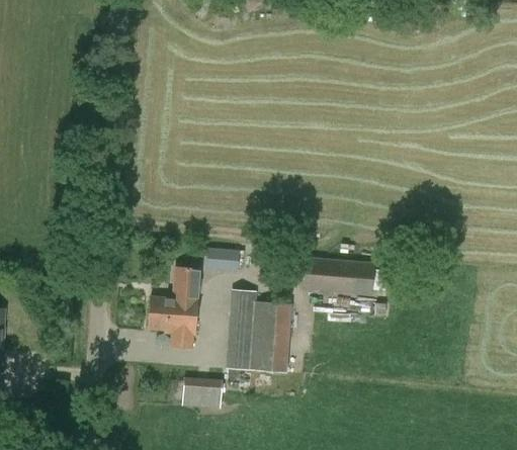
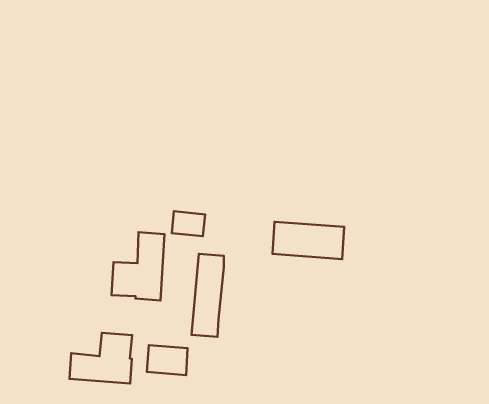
building: [251,302,291,373] -> none
building: none -> [70,333,132,384]

